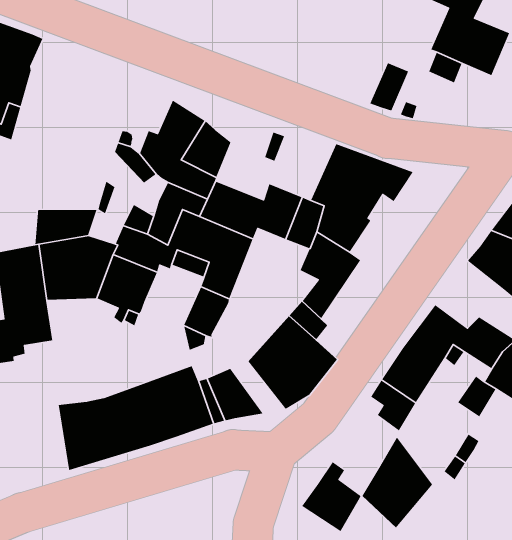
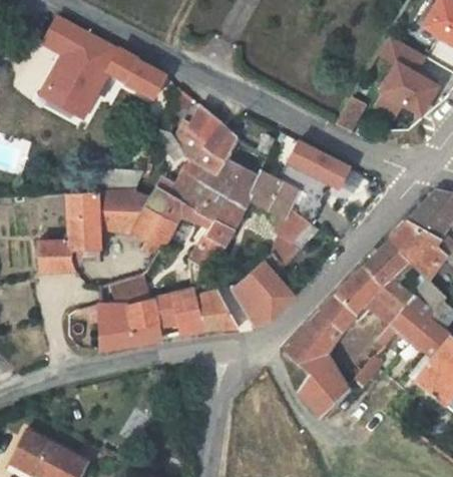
building: none -> [106,48,165,98]
building: none -> [364,238,412,285]
building: none -> [110,275,150,304]
building: [301,461,361,532] -> [287,324,329,373]

